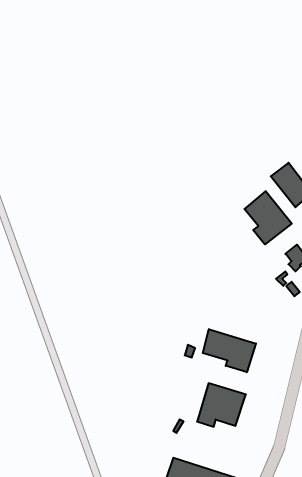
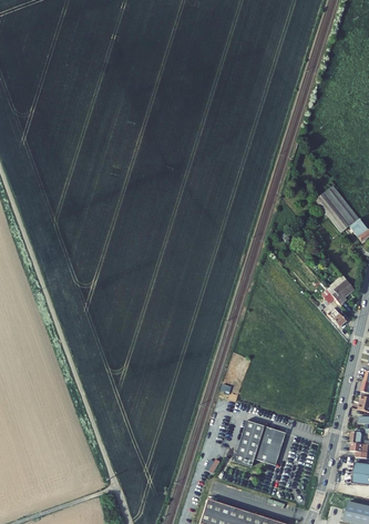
building: [244,191,292,244] -> none
building: [203,329,256,372] -> none

